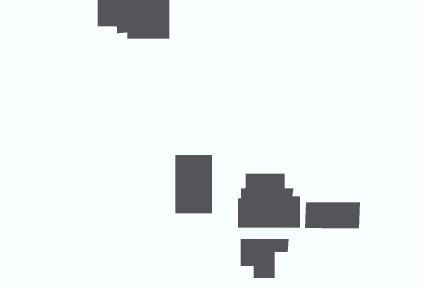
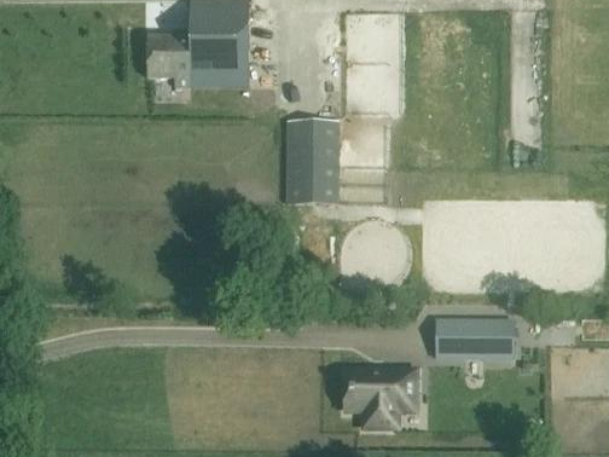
building: [174,155,213,214] -> [286,120,340,202]
building: [237,173,301,228] -> none

